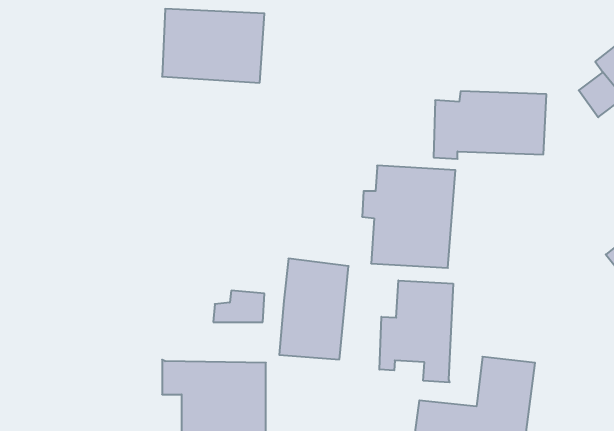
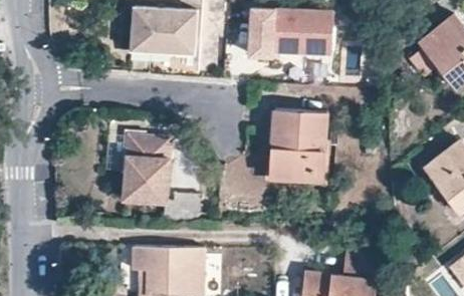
building: [434,91,546,159] -> [253,10,328,55]
building: [279,259,349,359] -> [125,134,171,202]
building: [379,280,453,382] -> none

